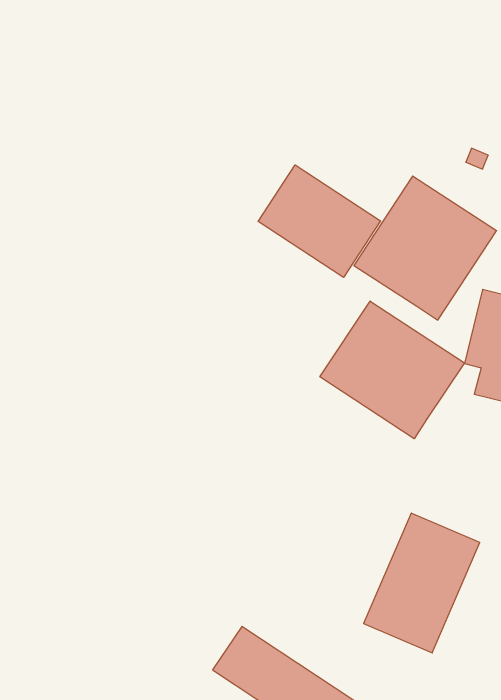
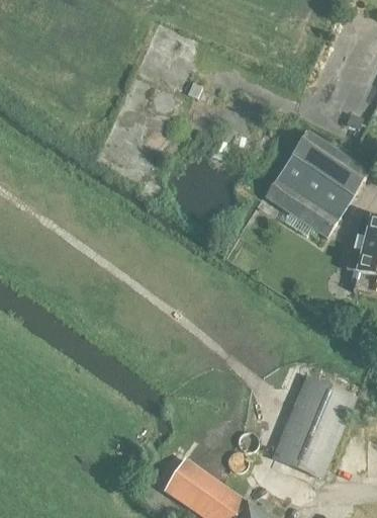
building: [258,165,381,277] -> none
building: [320,301,464,439] -> none

